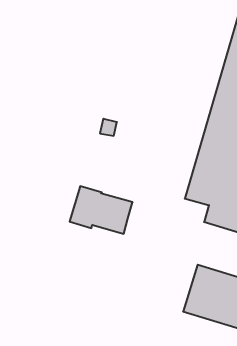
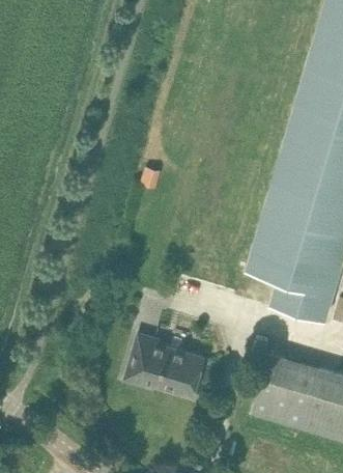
building: [70,186,133,234] -> [121,334,202,395]

